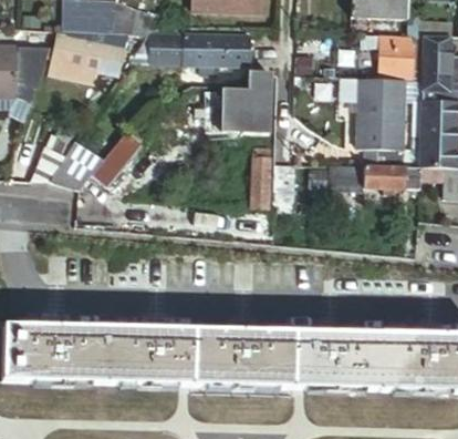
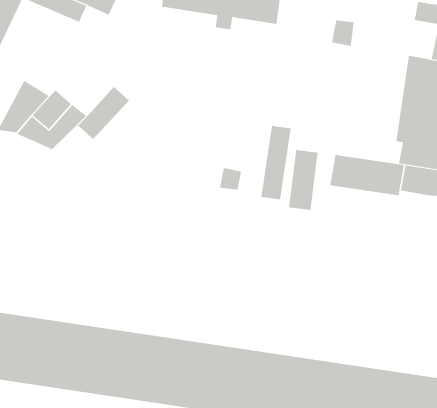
building: [227,73,279,131] -> none

